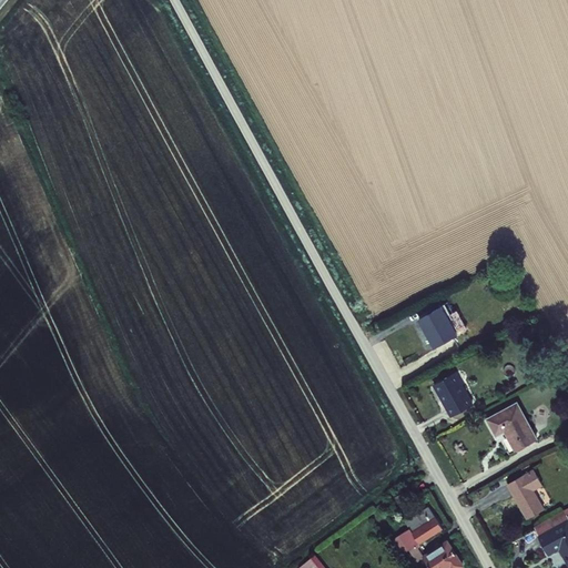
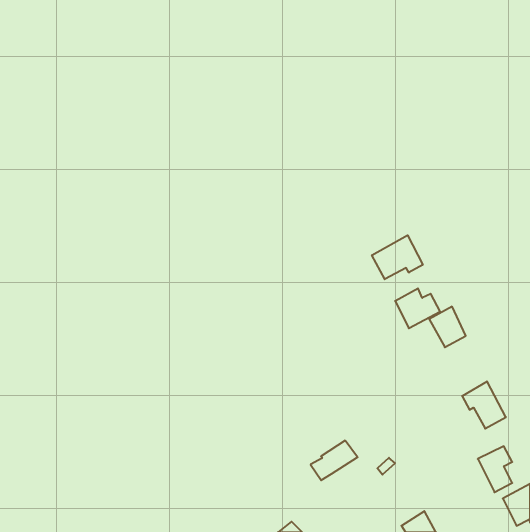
building: none -> [372,235,423,279]
building: [433,375,471,418] -> [429,307,466,347]
building: [396,509,446,551] -> [311,441,358,480]

